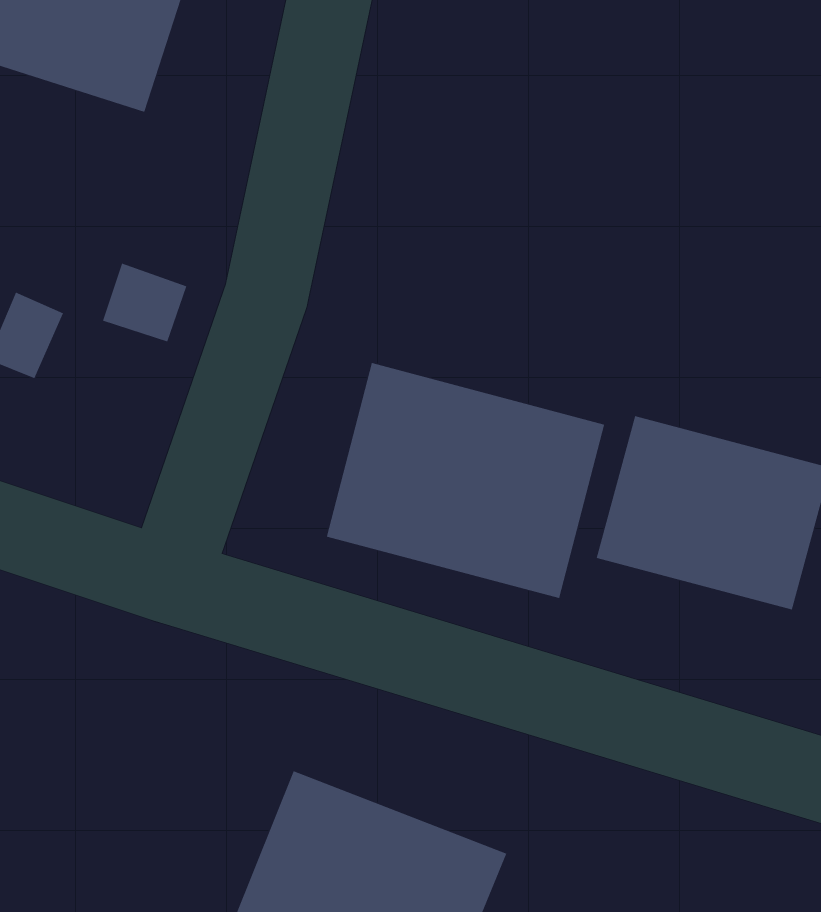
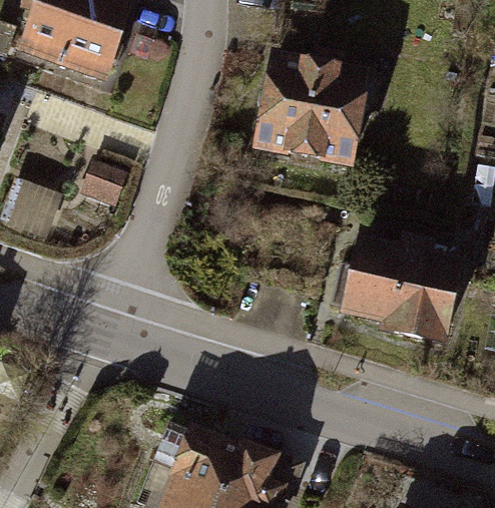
building: none -> [252,50,367,163]
building: [326,362,605,599] -> none

